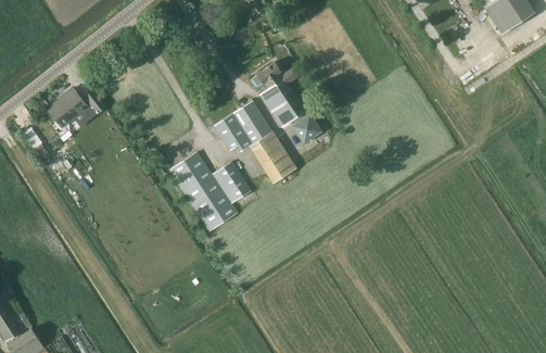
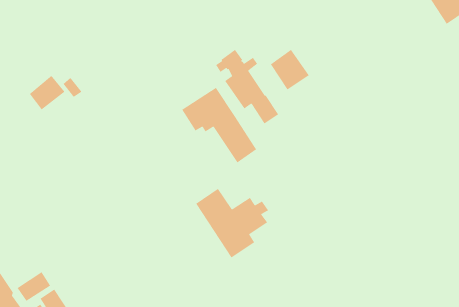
building: none -> [270,49,310,91]
building: [170,152,251,229] -> [195,188,269,259]
building: none -> [17,271,51,302]

